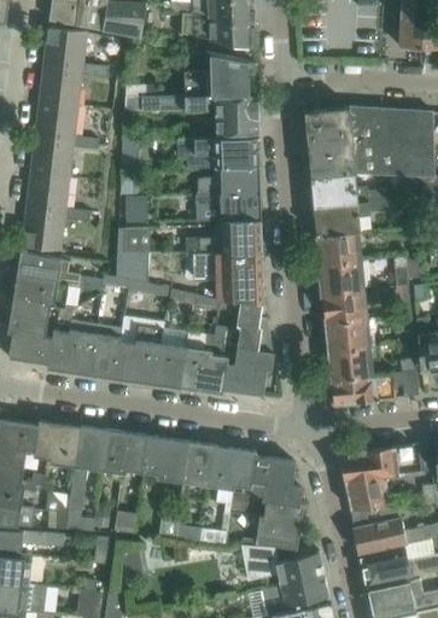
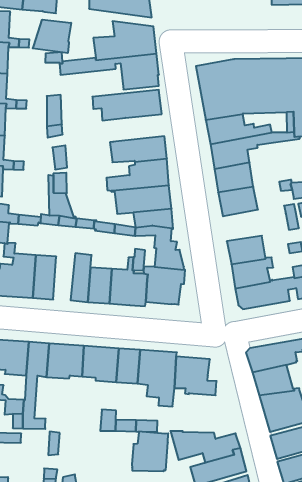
building: none -> [33,20,71,53]
building: [197,167,259,196] -> none
building: [322,288,367,323] -> none
building: [113,323,144,380] -> none
building: [256,501,302,550] -> [132,432,168,471]

